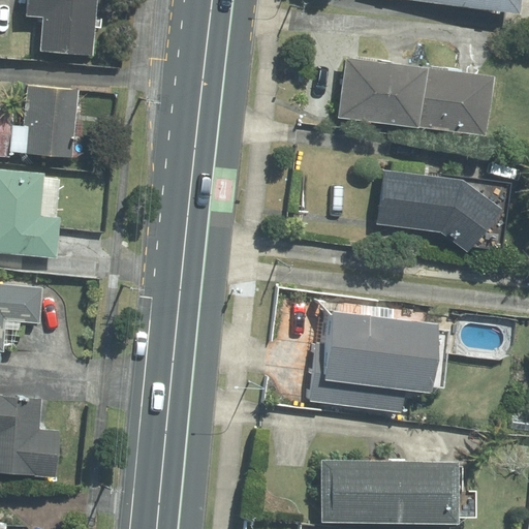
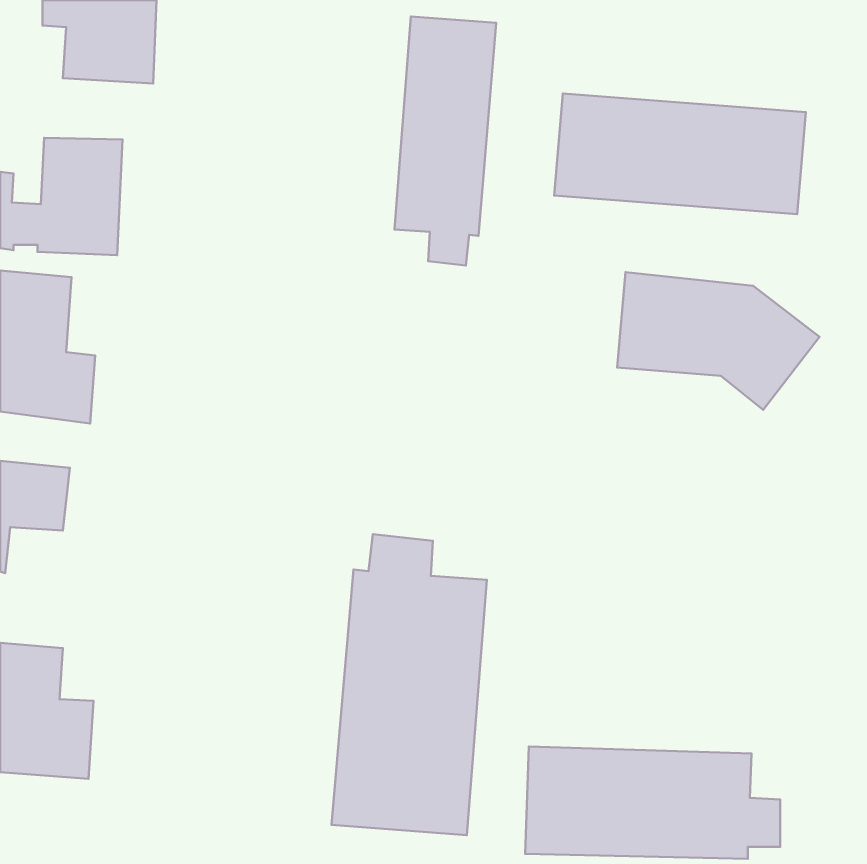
building: none -> [395,17,496,266]
building: [308,307,435,411] -> none
building: none -> [331,534,487,835]

